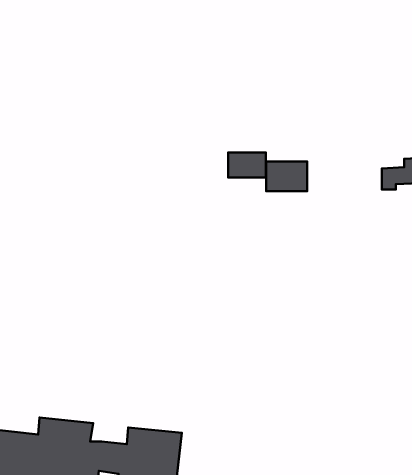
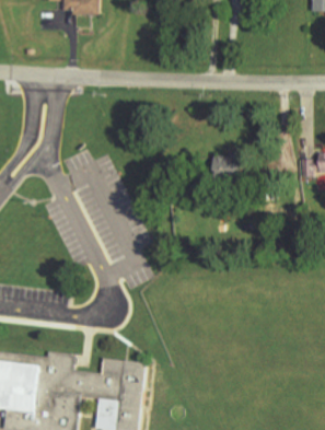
building: [228,152,266,178] -> none

